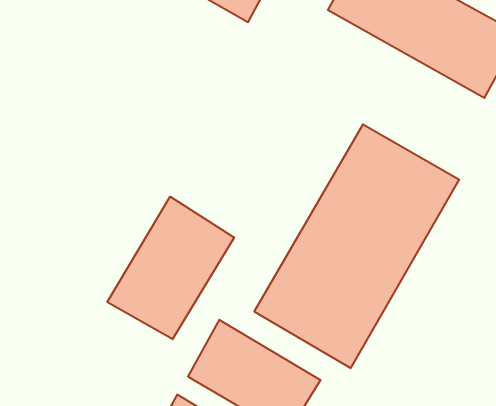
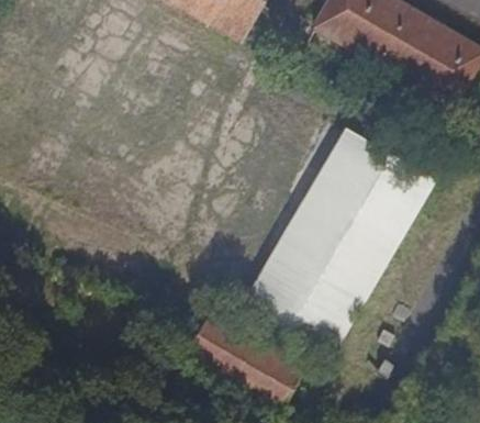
building: [107,197,234,339] -> none

